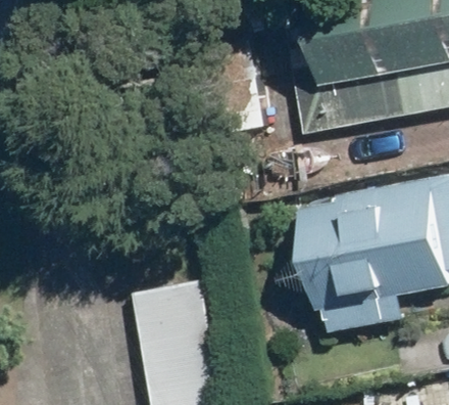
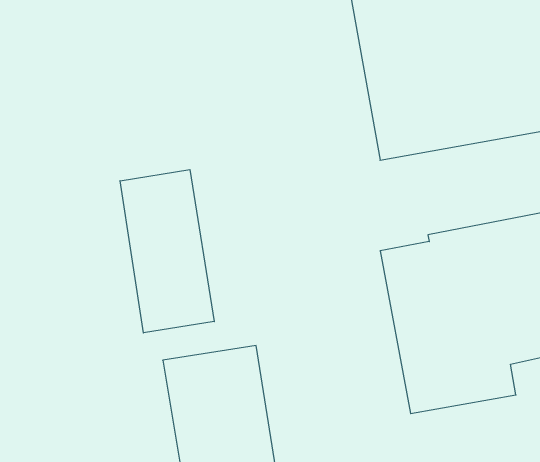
building: none -> [120,170,214,333]

